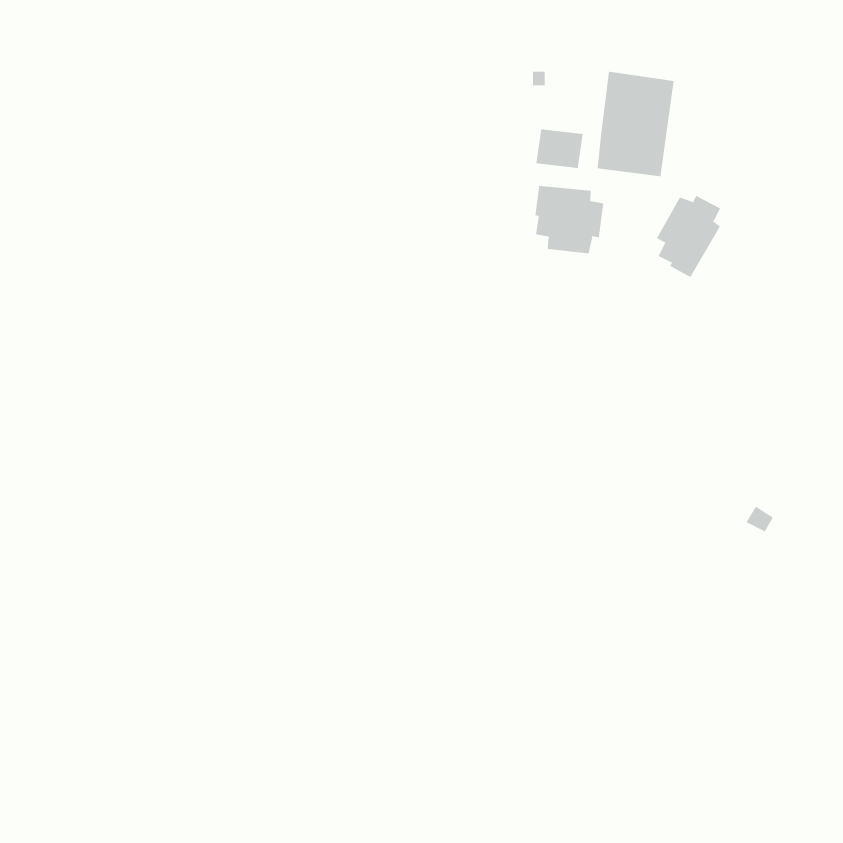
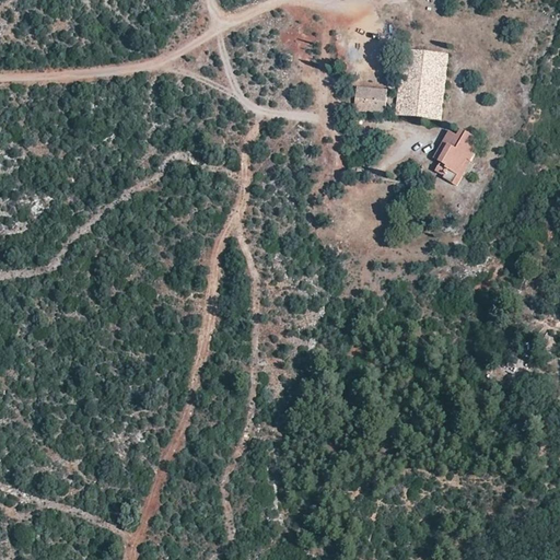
building: [535,185,604,254] -> none

